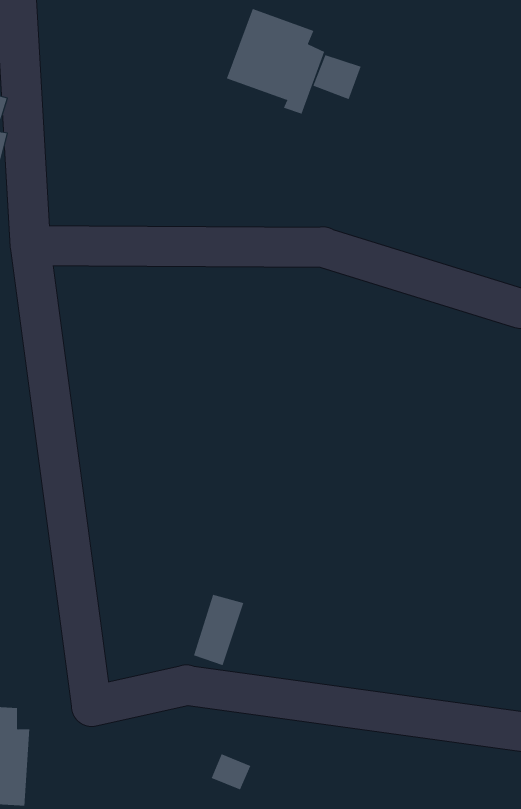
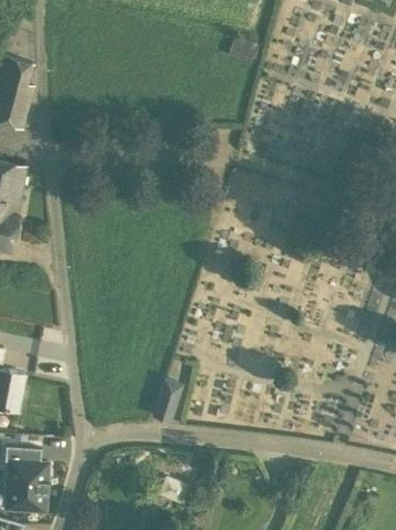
building: [226,8,325,114] -> none

